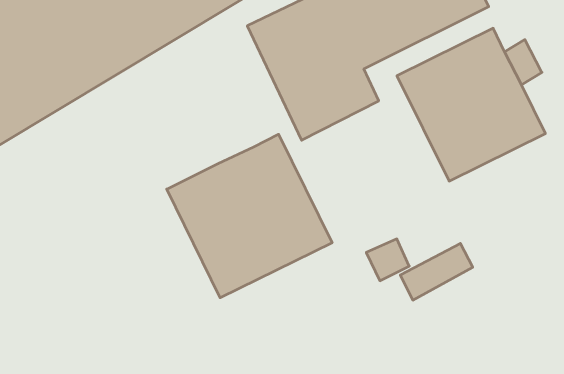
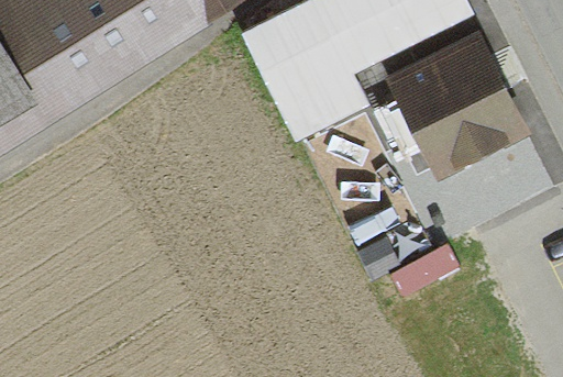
building: [167,134,332,298] -> none

